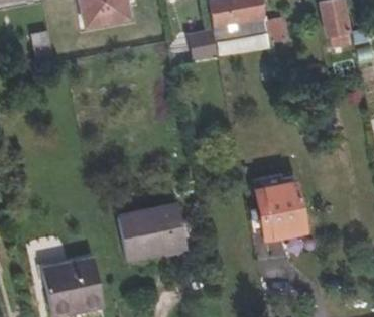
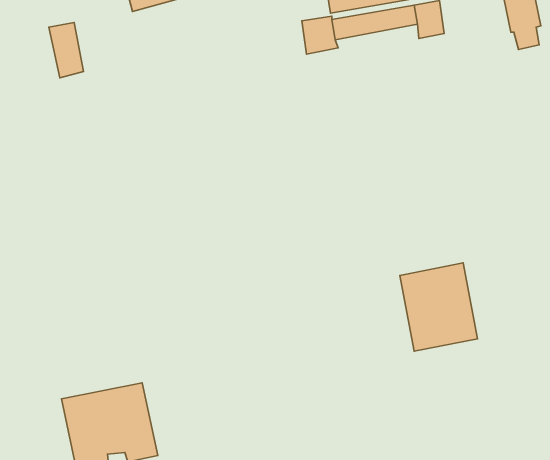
building: [117,199,184,253] -> none

